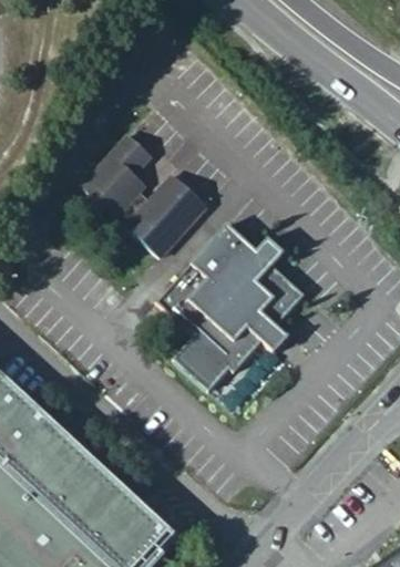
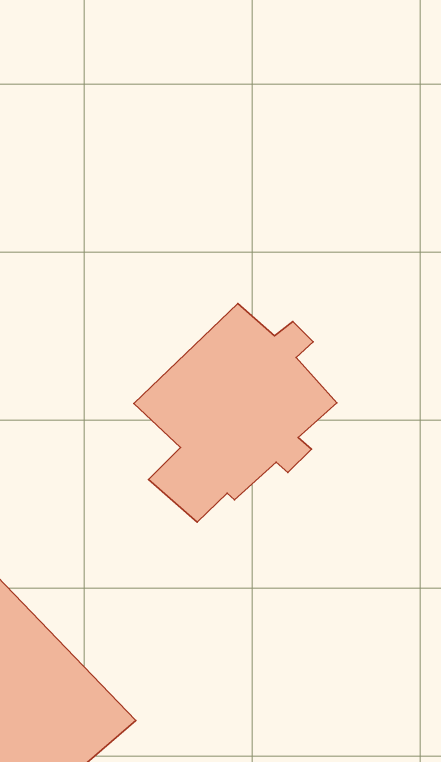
building: [82,135,208,259] -> none

